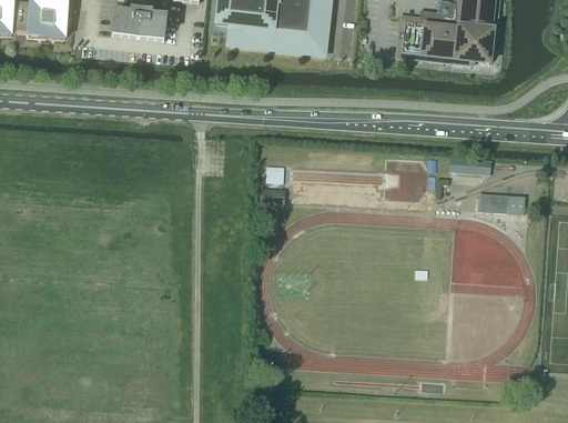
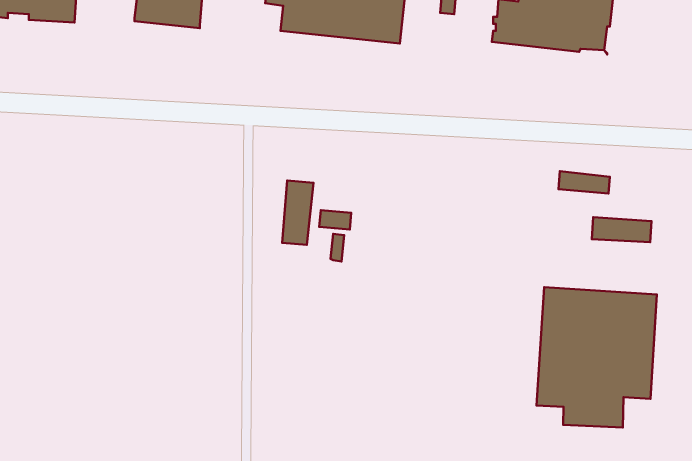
building: none -> [282,181,314,245]
building: none -> [537,287,657,428]

